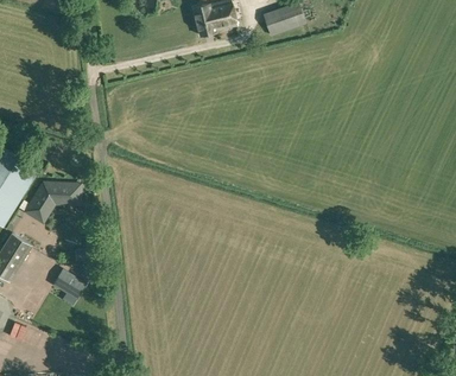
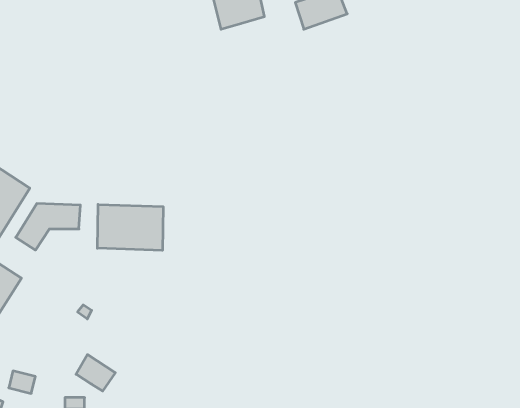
building: none -> [97,204,163,250]
building: [51,268,84,299] -> [76,355,115,391]

